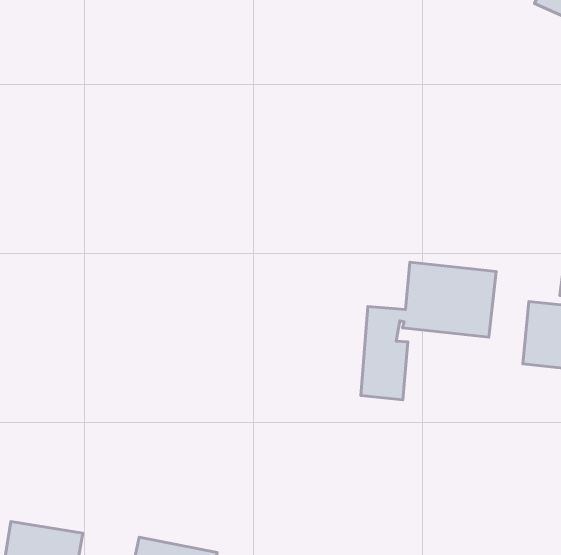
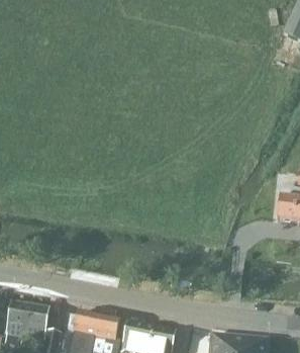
building: [361,262,496,400] -> none

